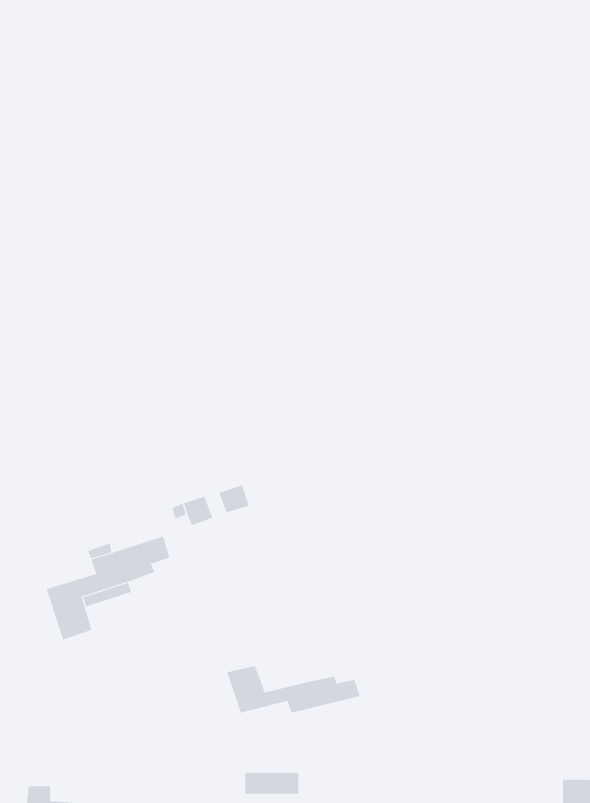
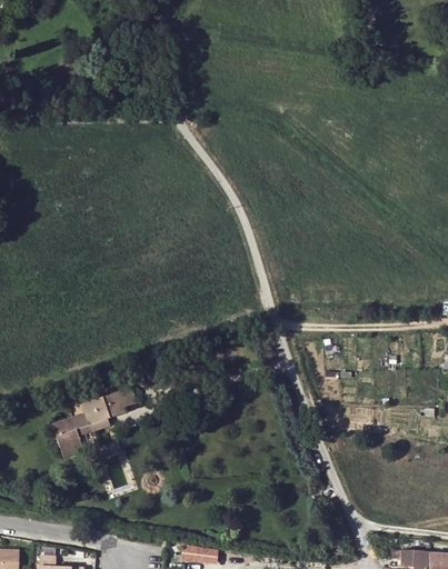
building: [227,665,360,714] -> none

